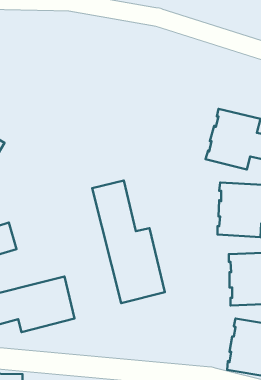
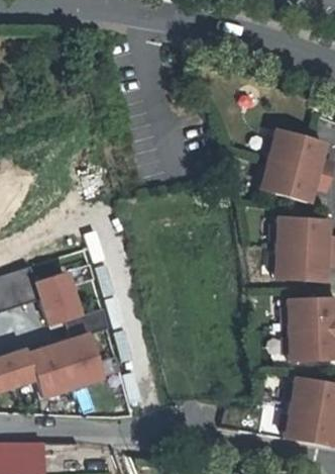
building: [92,181,165,303] -> none
building: none -> [37,269,83,323]

